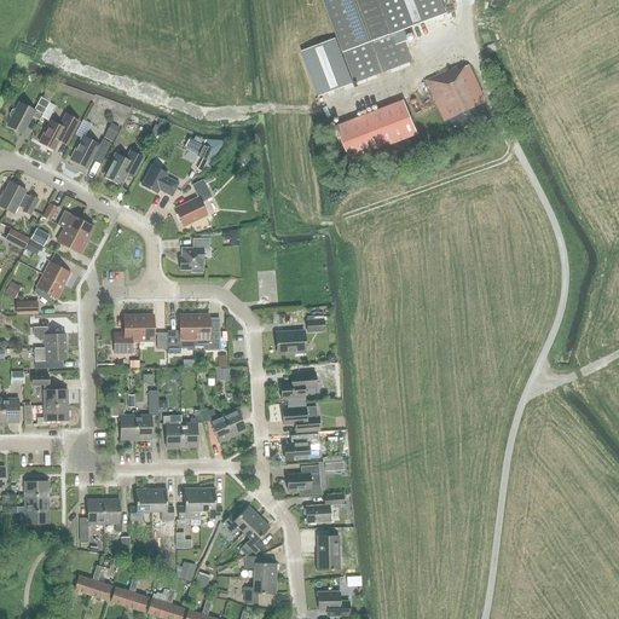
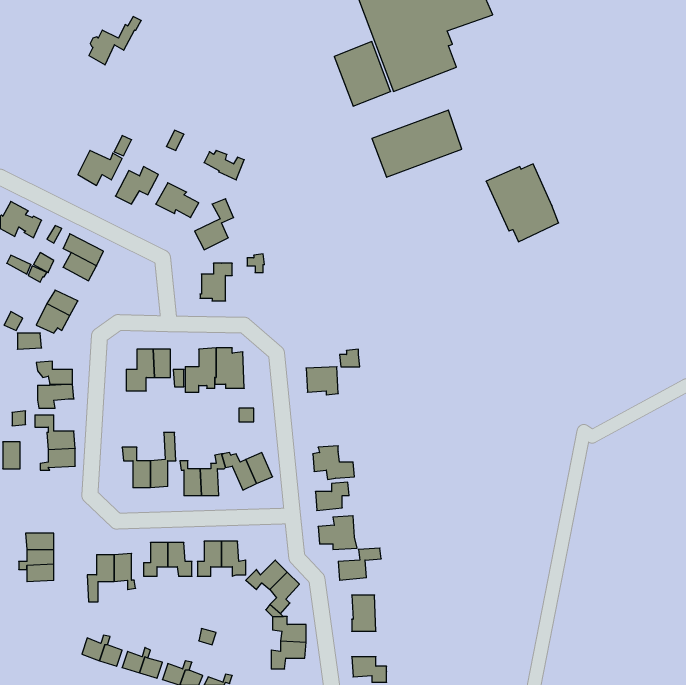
building: [426,64,491,134] -> [486,164,559,242]
building: [7,89,54,133] -> [89,17,141,65]
building: [39,112,79,149] -> none
building: [279,371,316,403] -> none

